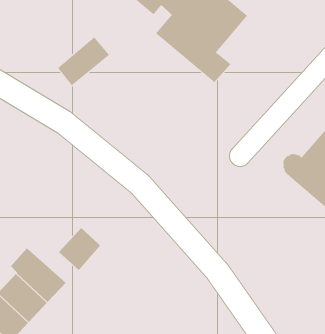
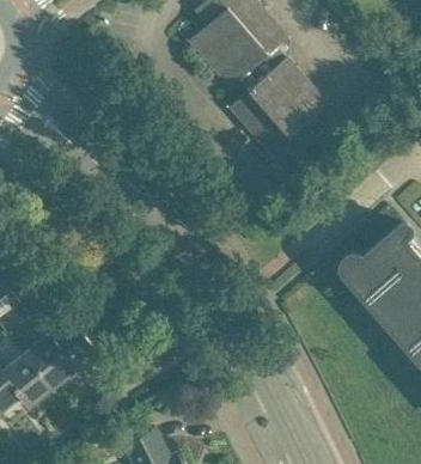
building: [57,37,110,86] -> none
building: [58,227,101,271] -> none

